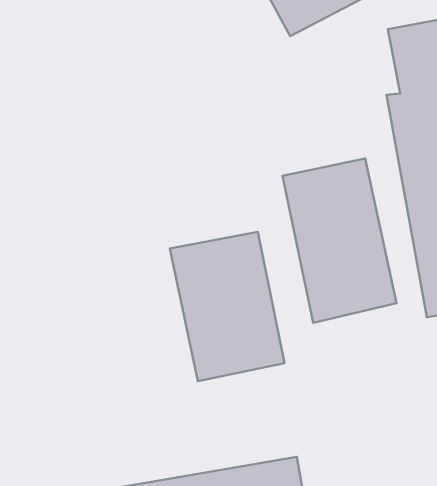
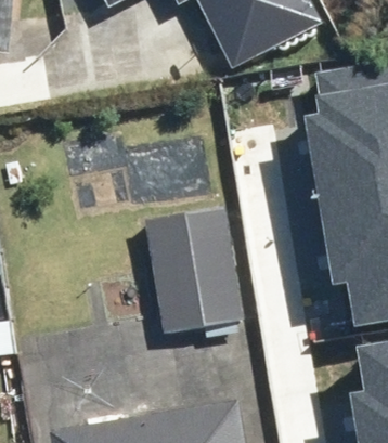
building: [282,159,397,323] -> none

